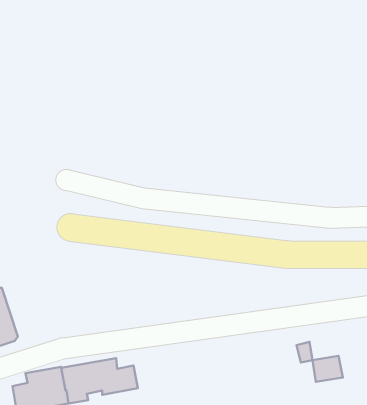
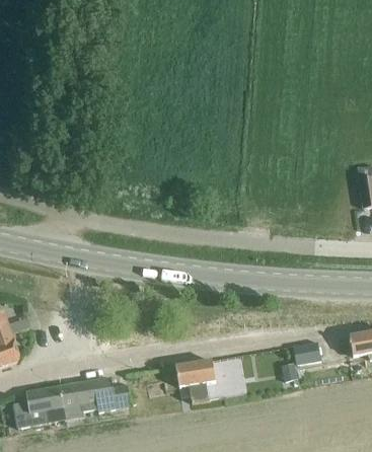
building: none -> [175,360,214,403]
building: [313,356,343,382] -> [293,342,321,366]

